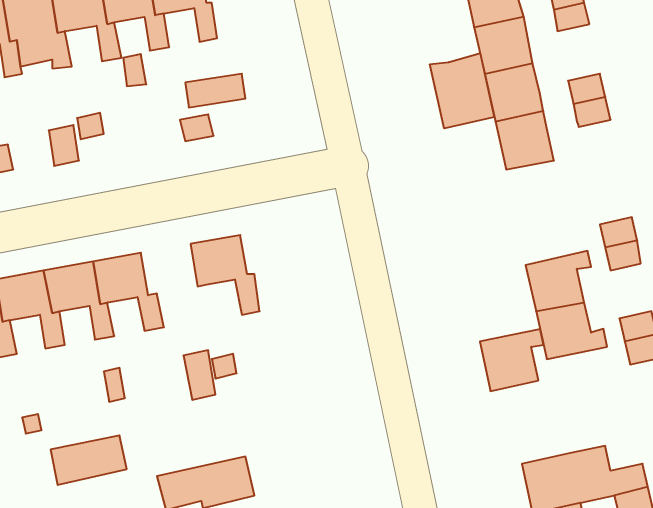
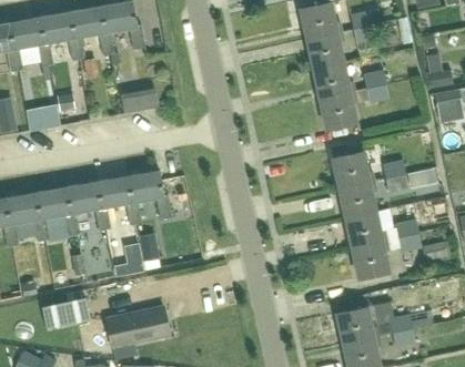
building: [430,53,494,128] -> none
building: none -> [331,152,376,190]
building: none -> [97,176,141,225]
building: [480,329,544,391] -> [351,241,391,279]

